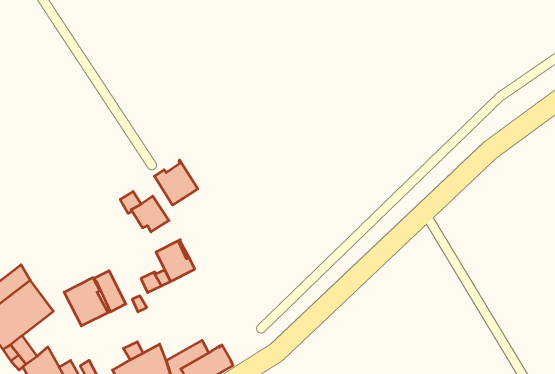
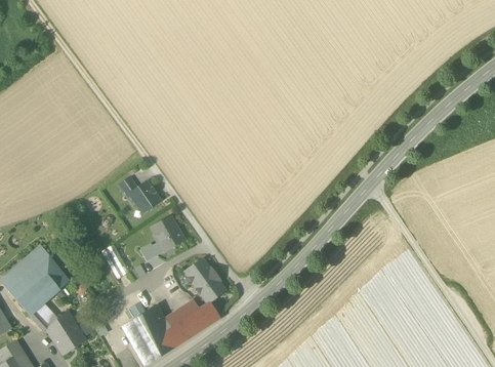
building: [154,160,198,205] -> none
building: [64,278,110,326] -> none
building: none -> [184,258,224,303]

